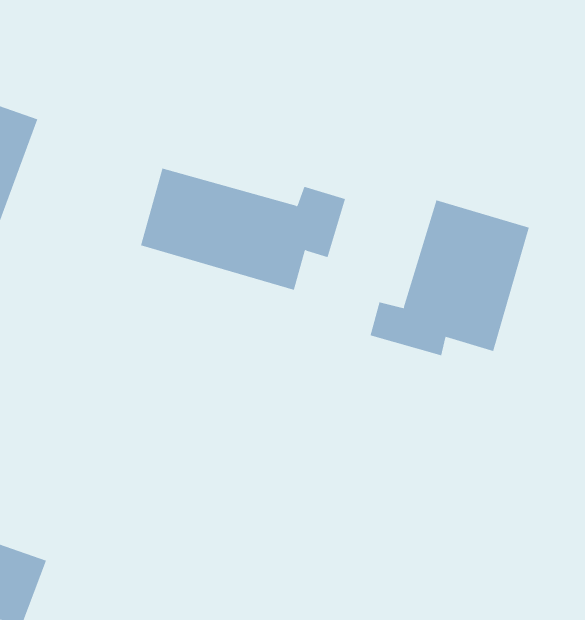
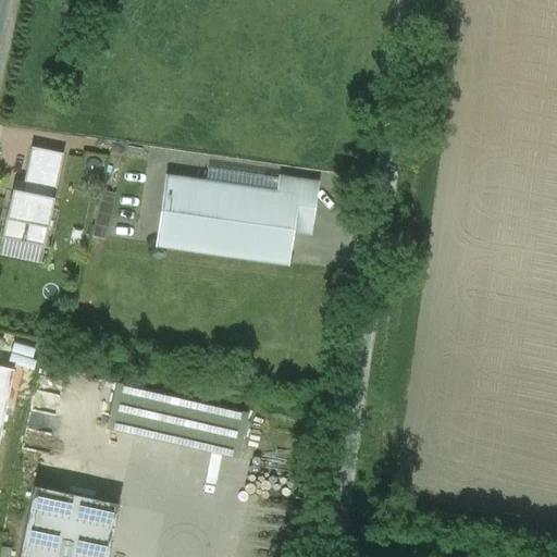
building: [370,200,529,356] -> none
building: none -> [109,384,247,457]

